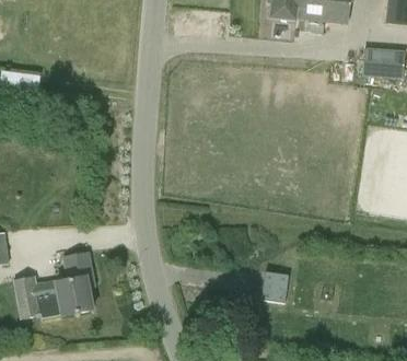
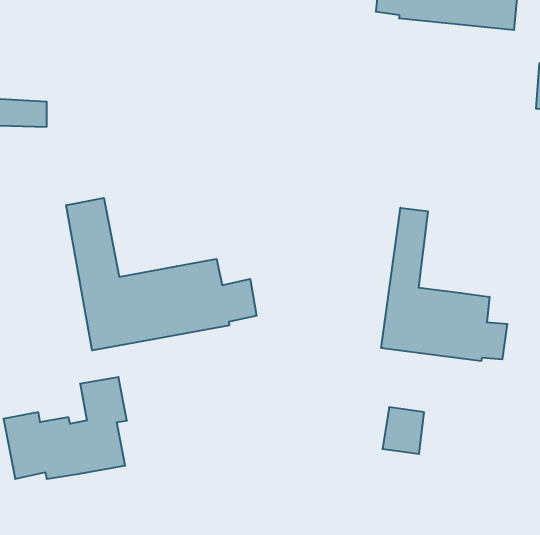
building: none -> [66,198,257,350]
building: none -> [381,208,507,361]

